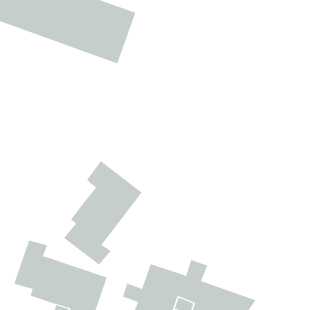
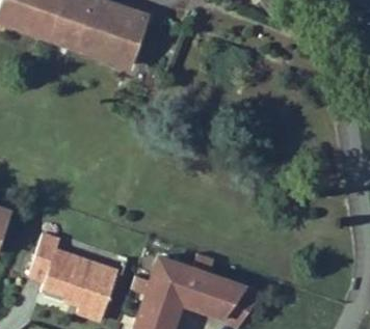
building: [63,160,143,266] -> none

